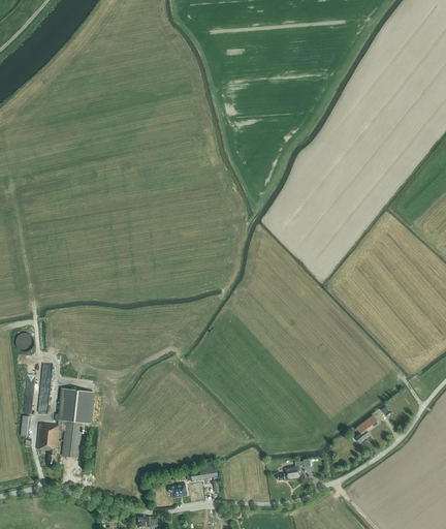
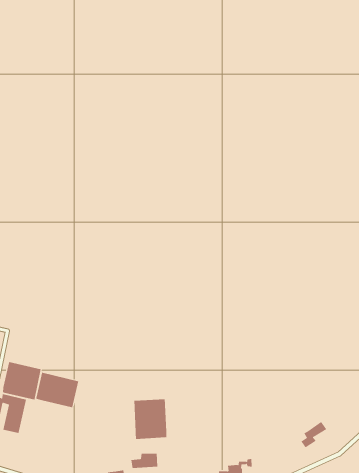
building: none -> [35,372,79,408]
building: none -> [134,398,167,440]

